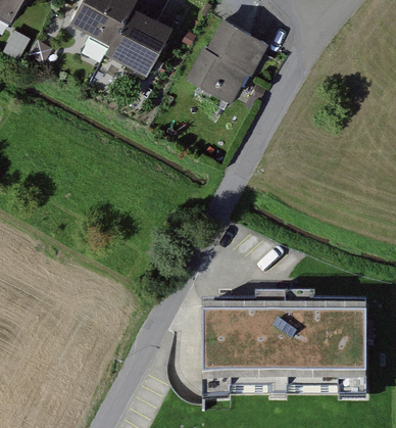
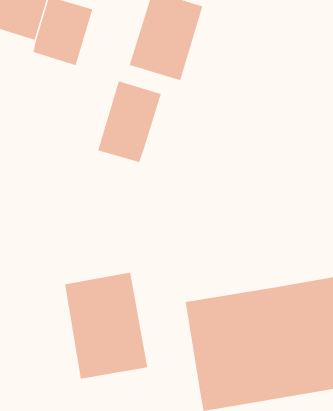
building: none -> [97,80,161,163]
building: none -> [65,272,148,379]

